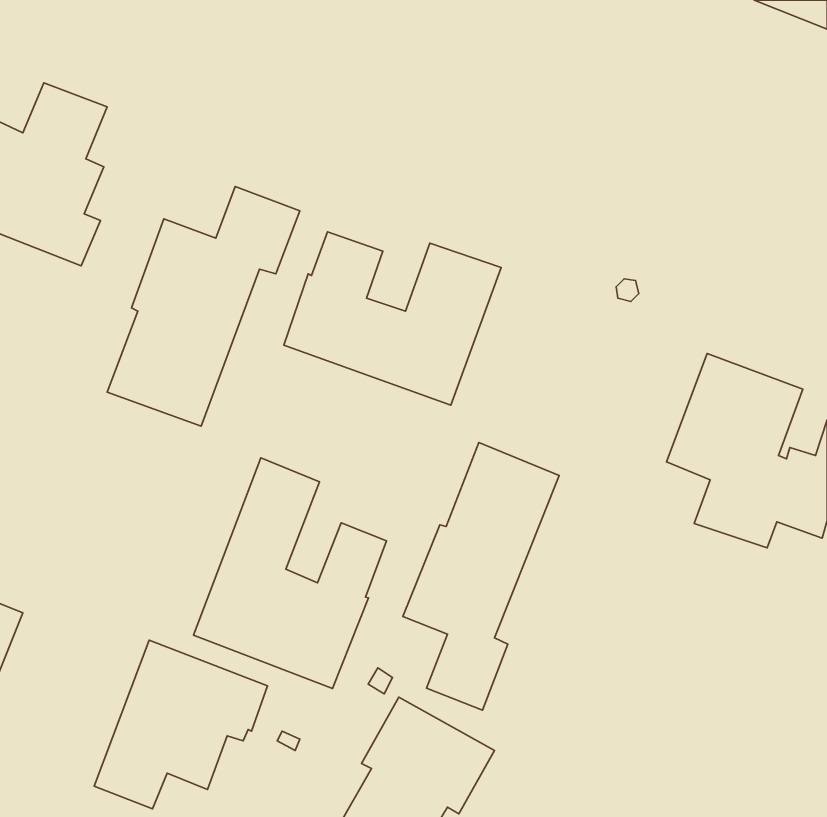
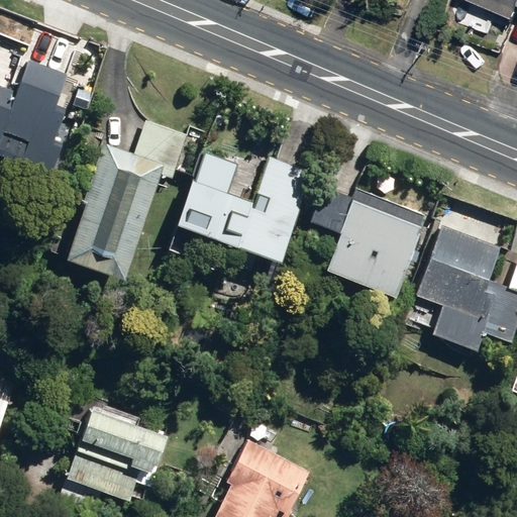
building: none -> [310,190,424,295]
building: [403,442,559,710] -> none
building: [193,458,387,689] -> none

